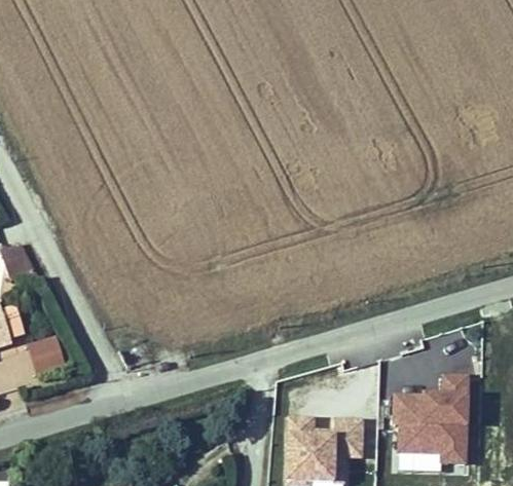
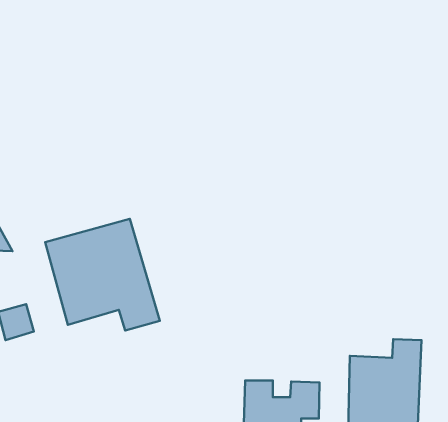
building: none -> [45,219,160,330]

